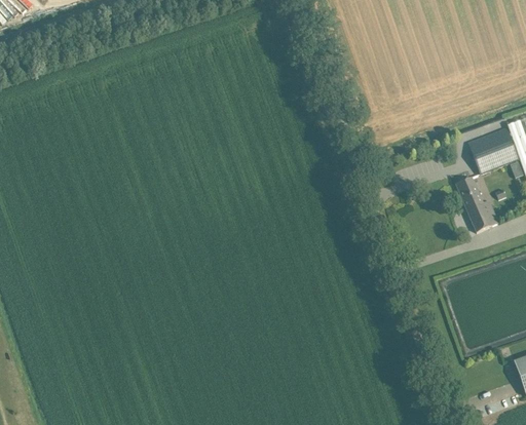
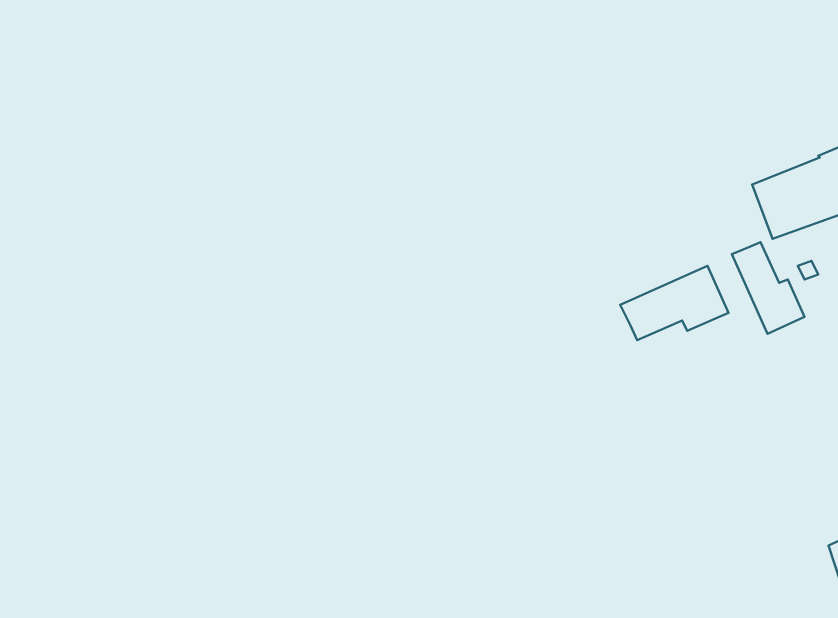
building: none -> [620,266,728,340]

